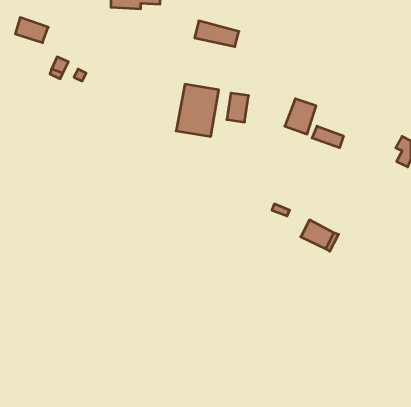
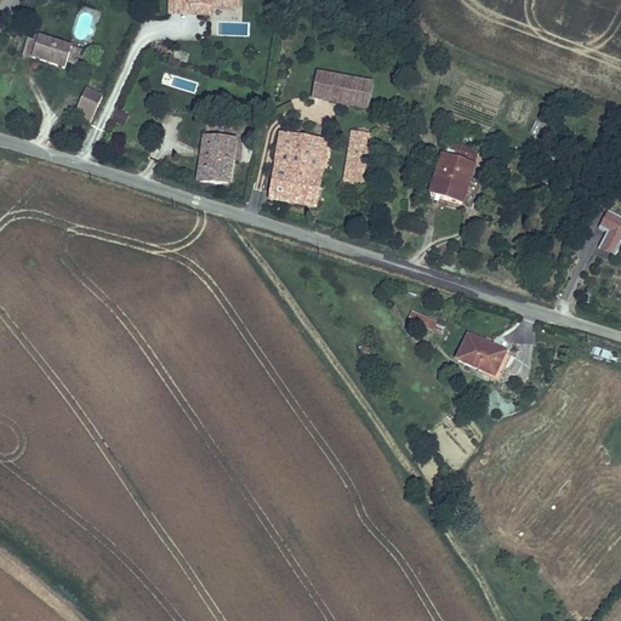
building: [195,21,239,47] -> [306,69,372,108]
building: none -> [195,131,238,181]
building: [312,126,343,148] -> none

